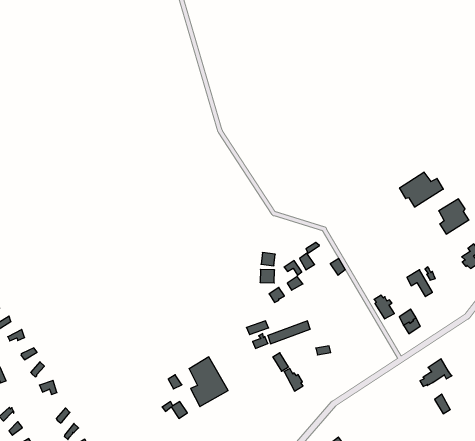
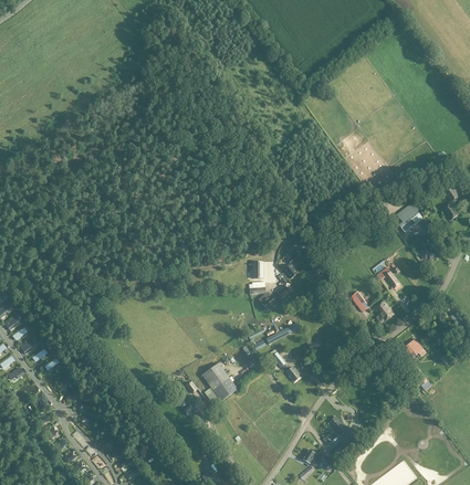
building: [400,172,443,207] -> none

